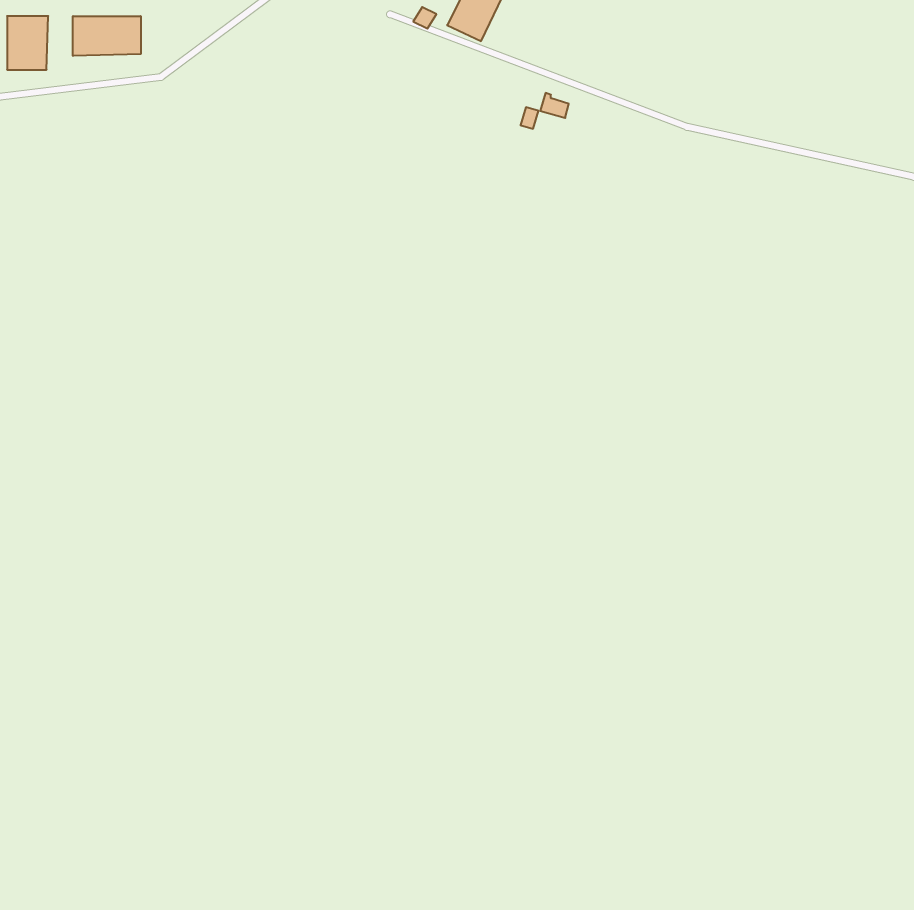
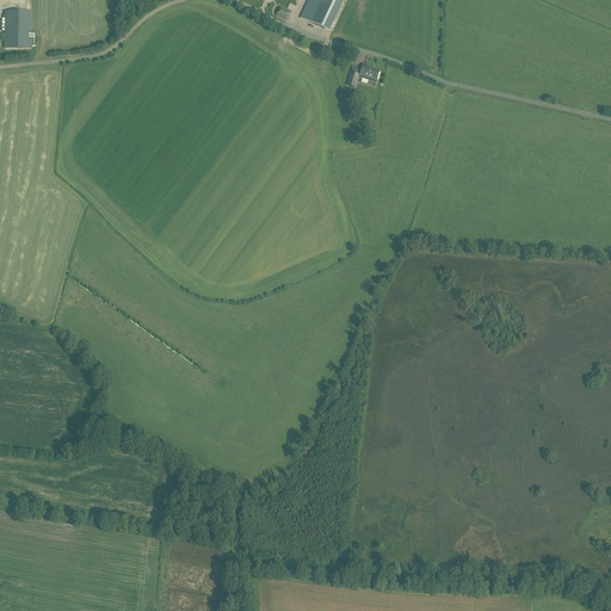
building: [73,16,141,56] -> none

